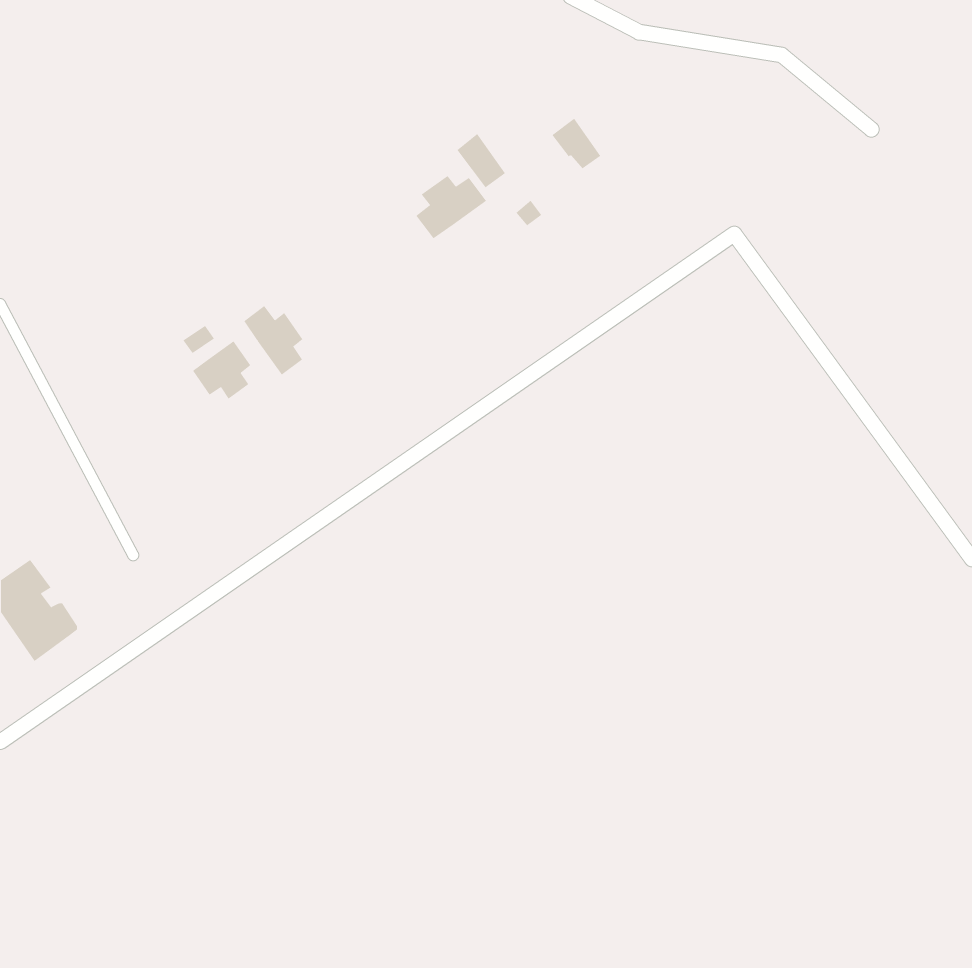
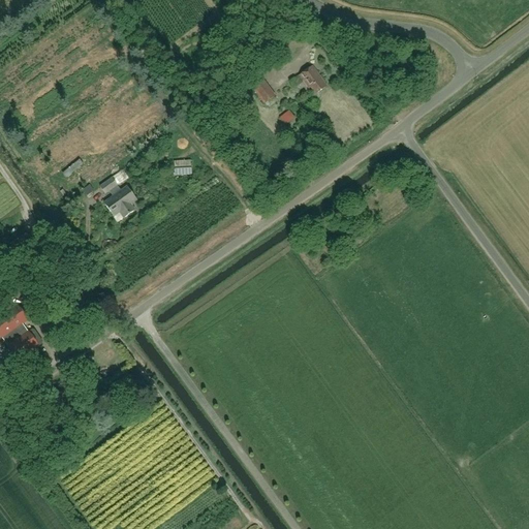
building: [416,175,487,239] -> none
building: [243,305,303,375] -> none

